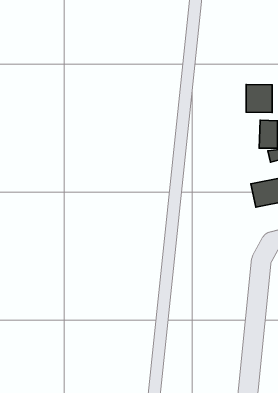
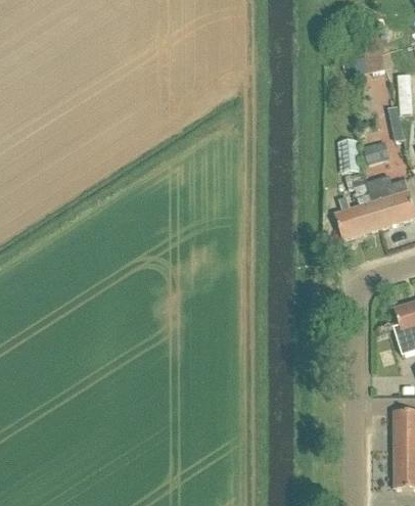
building: [246,84,272,113] -> none

